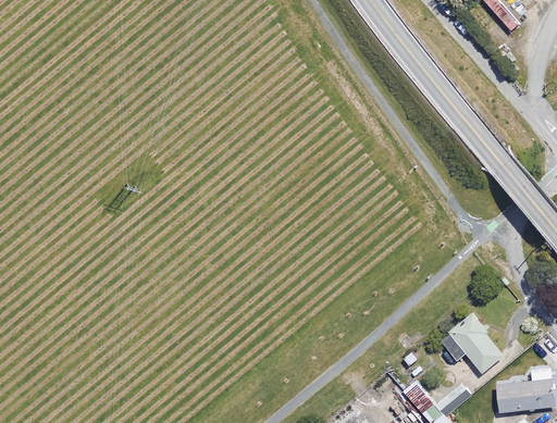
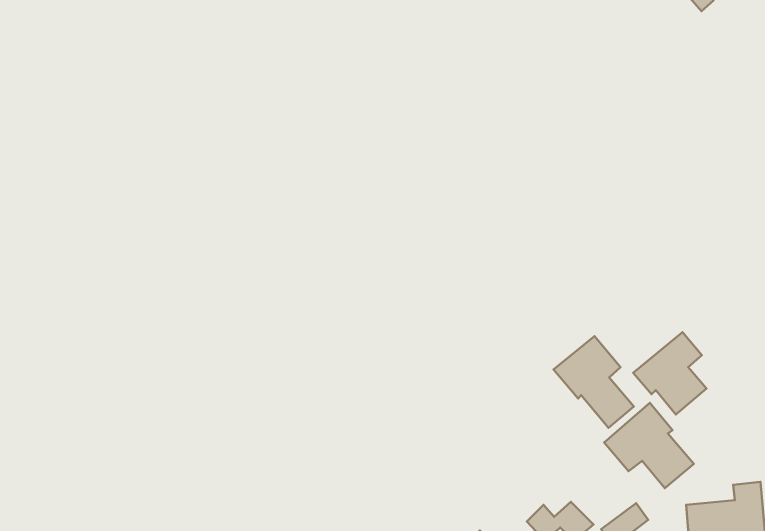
building: none -> [633,332,706,414]
building: none -> [553,336,634,428]

